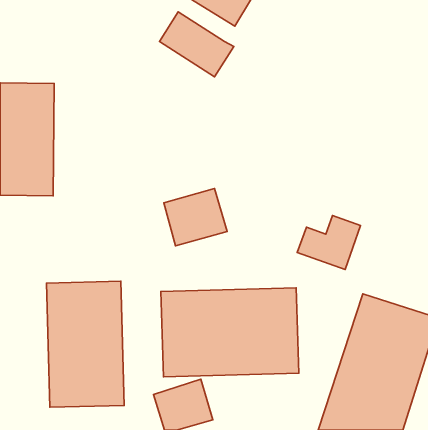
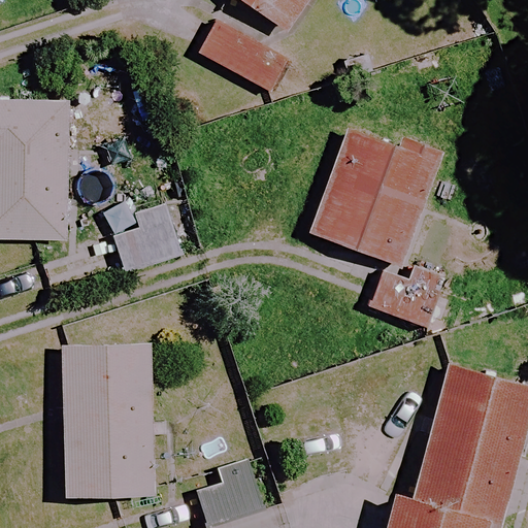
building: none -> [312,130,437,266]
building: [164,188,227,246] -> [110,202,188,272]
building: [161,288,299,377] -> none

